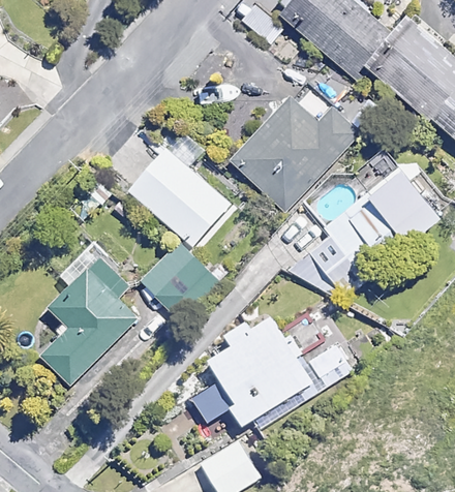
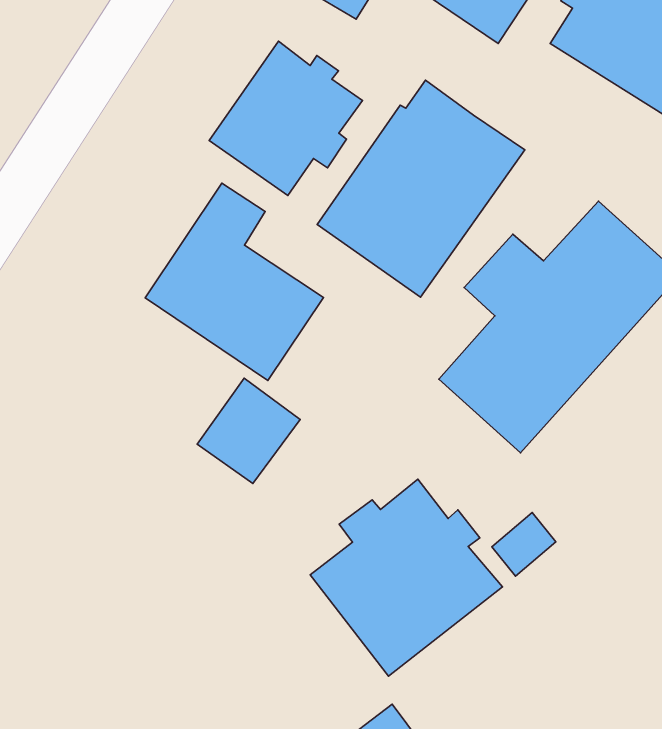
building: none -> [209,41,362,195]
building: [41,244,135,383] -> none

